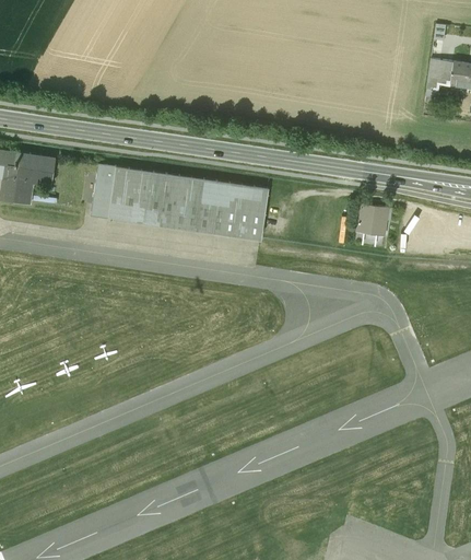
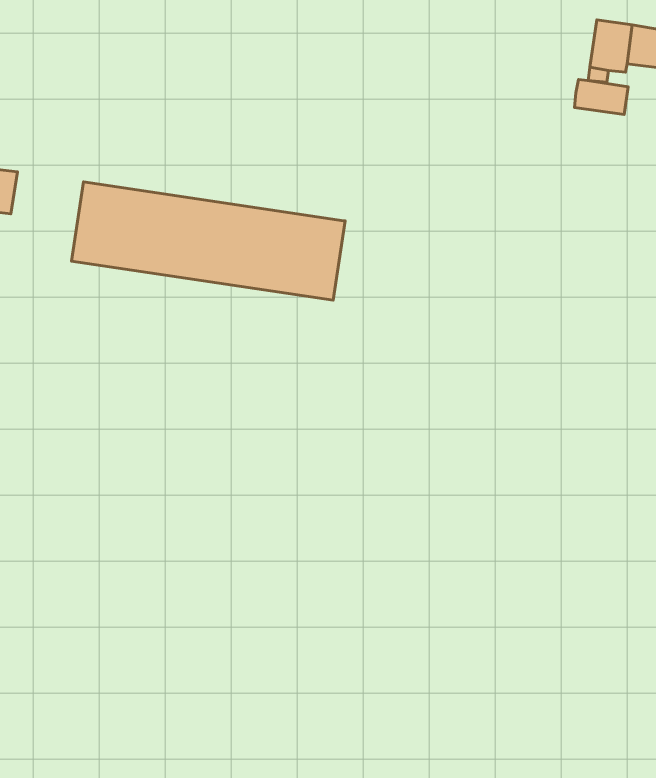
building: none -> [574,80,628,115]
building: [356,205,391,236] -> none

